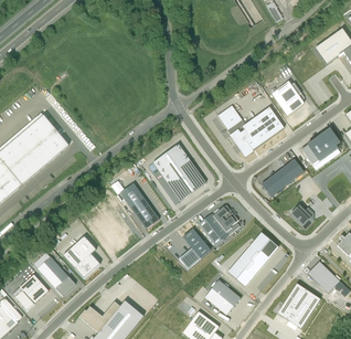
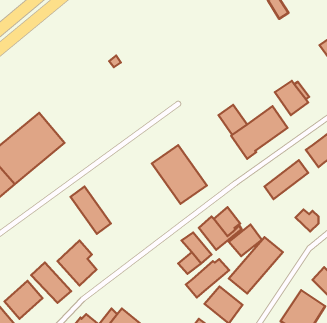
building: [119,183,158,229] -> [71,187,111,234]
building: none -> [229,225,262,256]
building: none -> [186,259,229,298]

